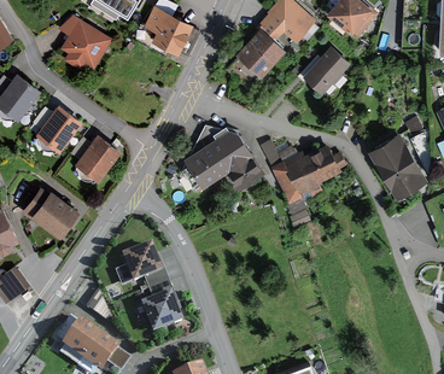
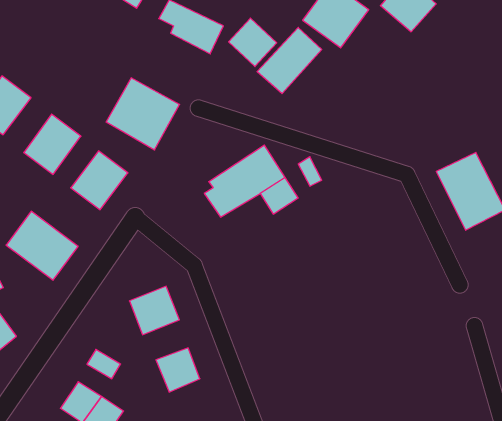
building: [53,14,113,74] -> [106,78,180,150]
building: none -> [229,18,277,67]
building: [303,43,347,88] -> none
building: [271,142,344,203] -> none

